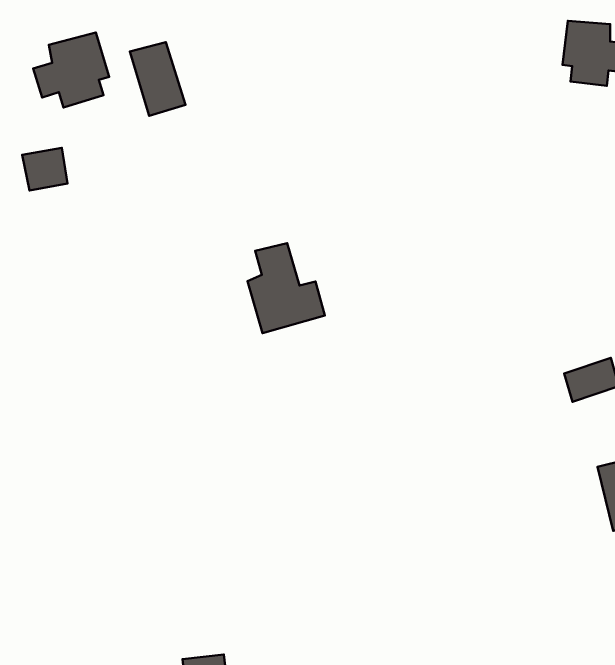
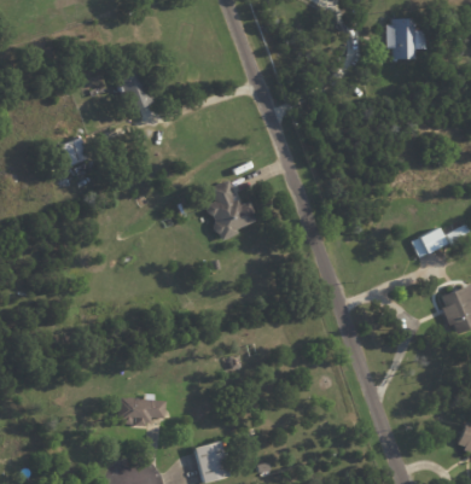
building: [33,33,109,108] -> none
building: none -> [120,397,165,426]

